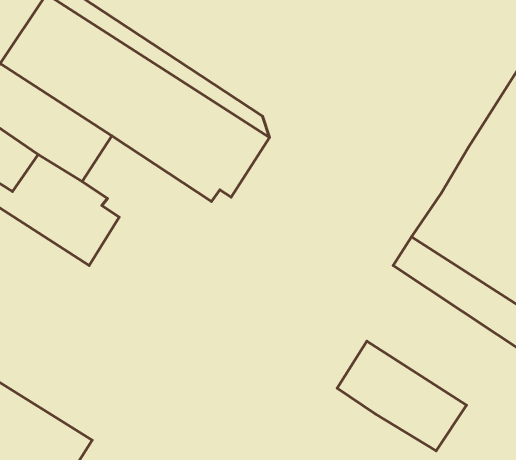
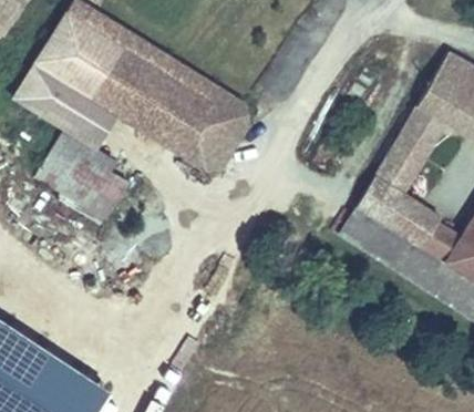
building: [337,341,466,451] -> none

